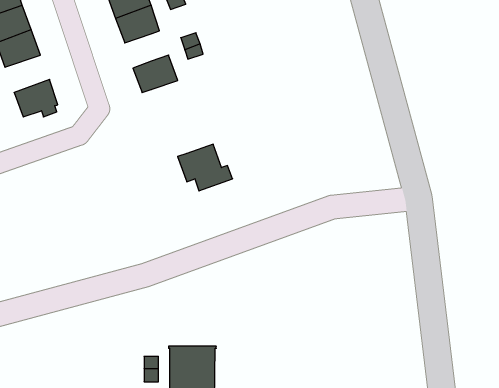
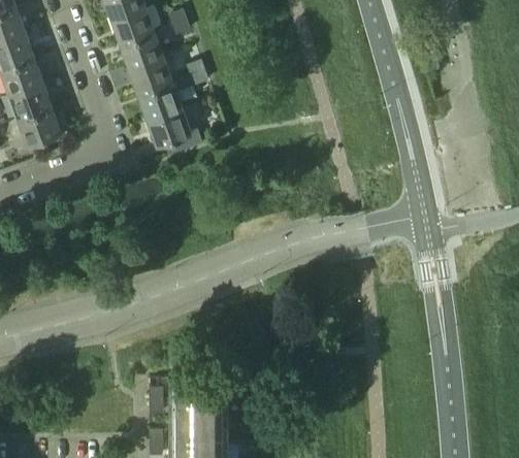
building: none -> [129,57,173,95]
building: none -> [7,81,53,120]
building: [178,144,233,191] -> [147,107,202,155]

